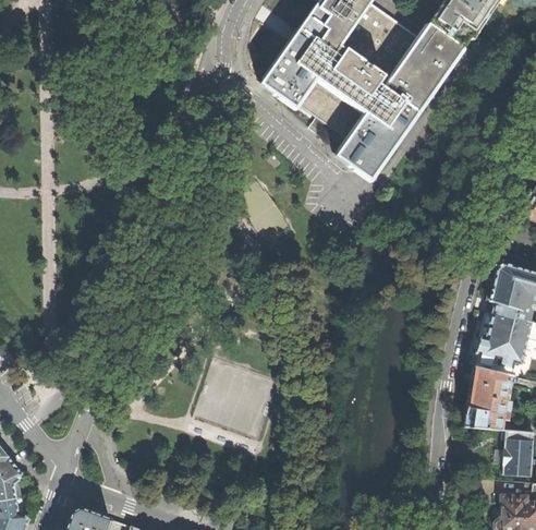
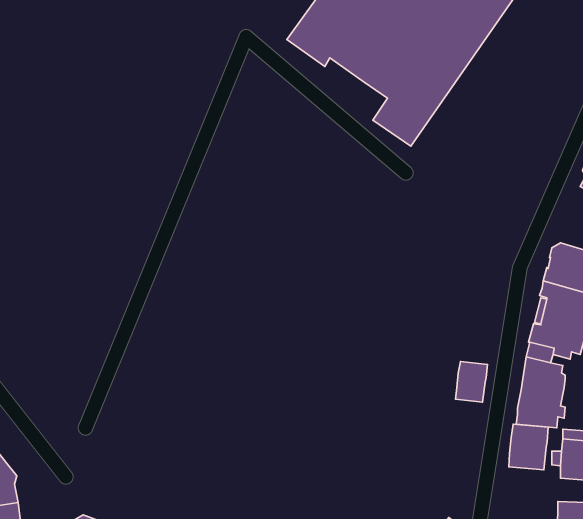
building: none -> [456,362,487,402]
building: none -> [509,424,548,470]

